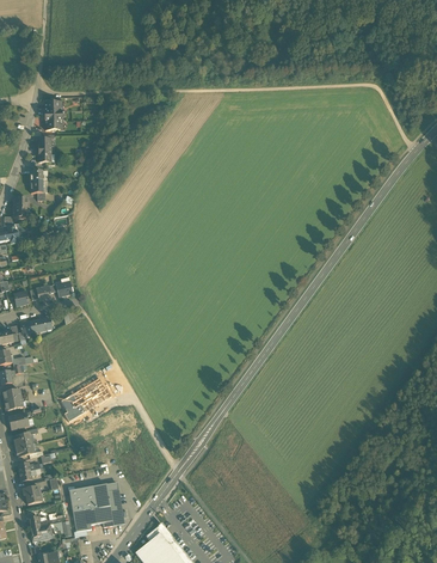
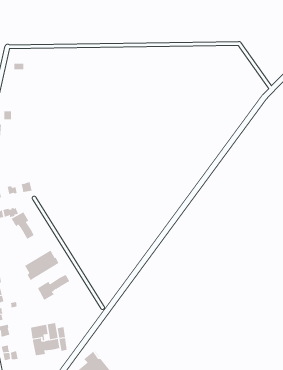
building: none -> [11,212,34,240]
building: none -> [37,274,70,301]

